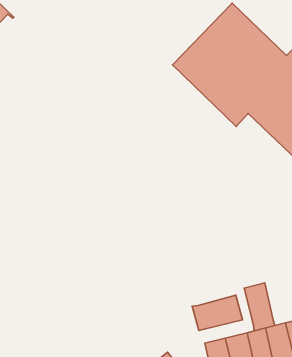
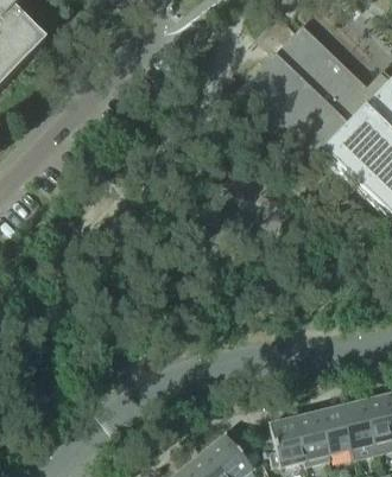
building: [244,283,275,331] -> none
building: [192,295,242,331] -> none

